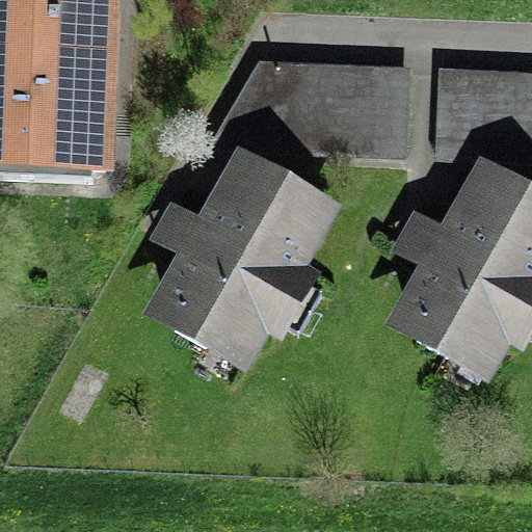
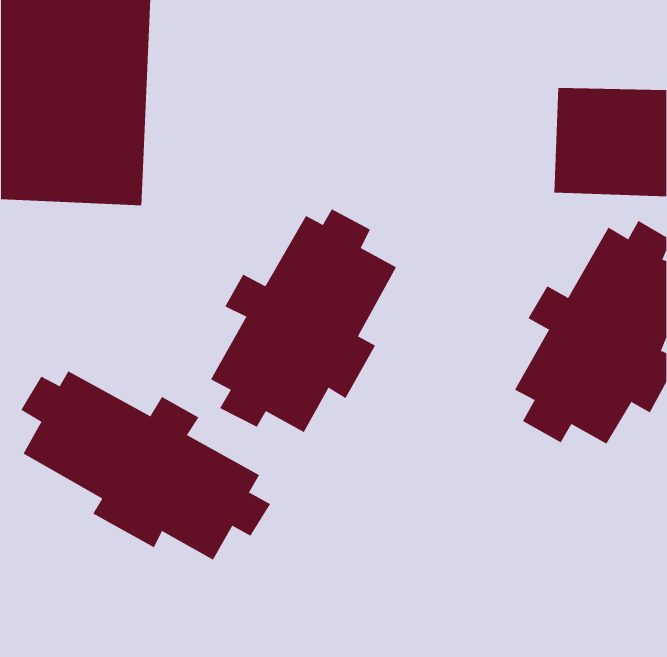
building: [213,61,406,151] -> none
building: none -> [21,371,271,560]

